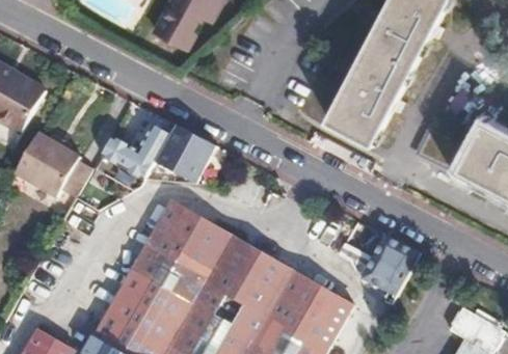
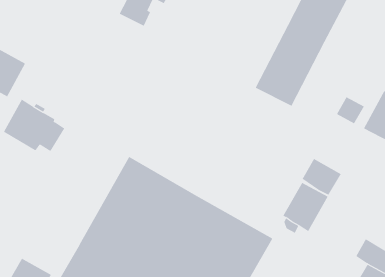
building: [103,125,212,183] -> none
building: none -> [302,158,341,196]

